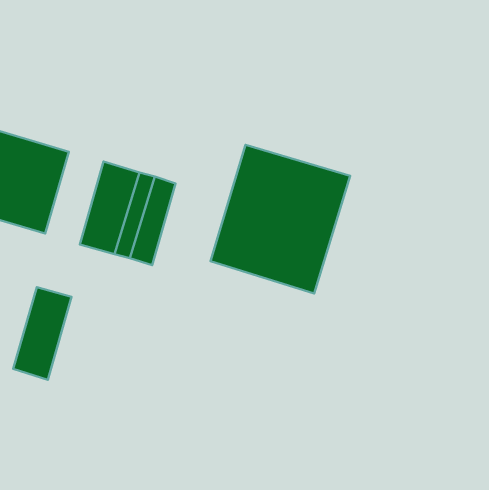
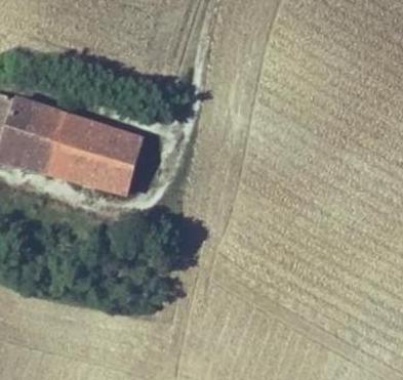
building: [210,145,350,293] -> none
building: [13,287,71,380] -> [48,113,91,181]

